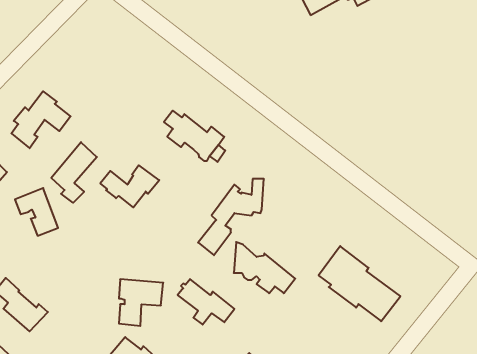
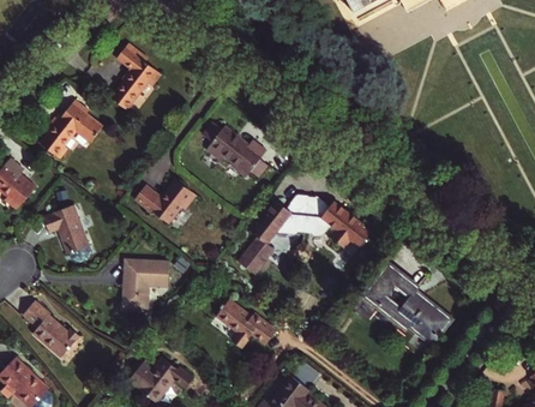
building: none -> [114,44,162,112]
building: [51,142,97,203] -> none
building: [234,242,295,293] -> [305,193,369,247]
building: [119,279,163,326] -> [122,257,169,306]

